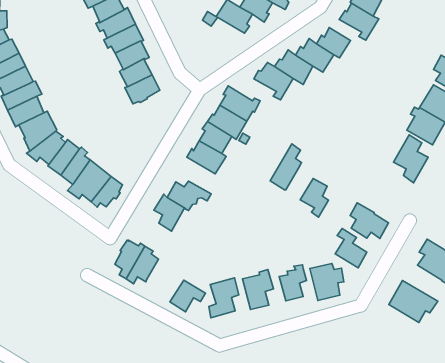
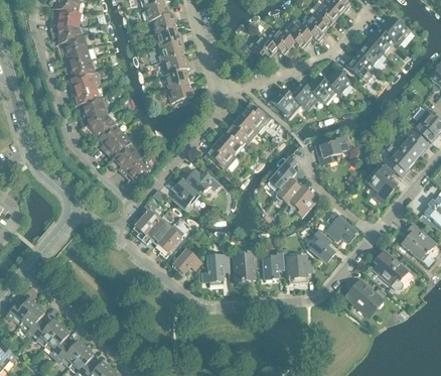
building: none -> [315,135,349,164]
building: none -> [274,175,302,203]
building: none -> [157,224,183,257]

